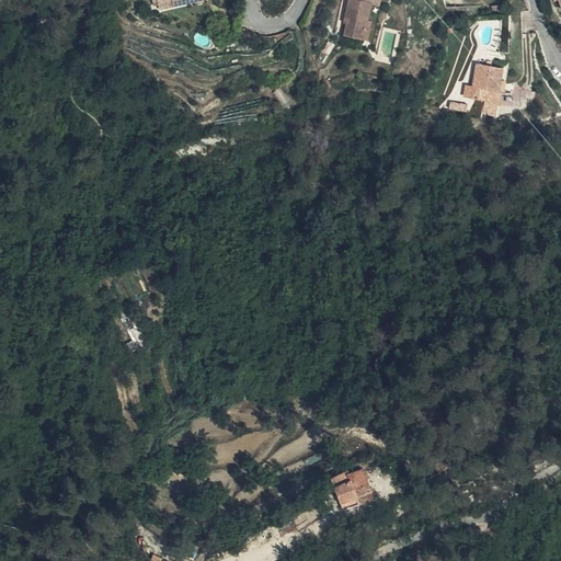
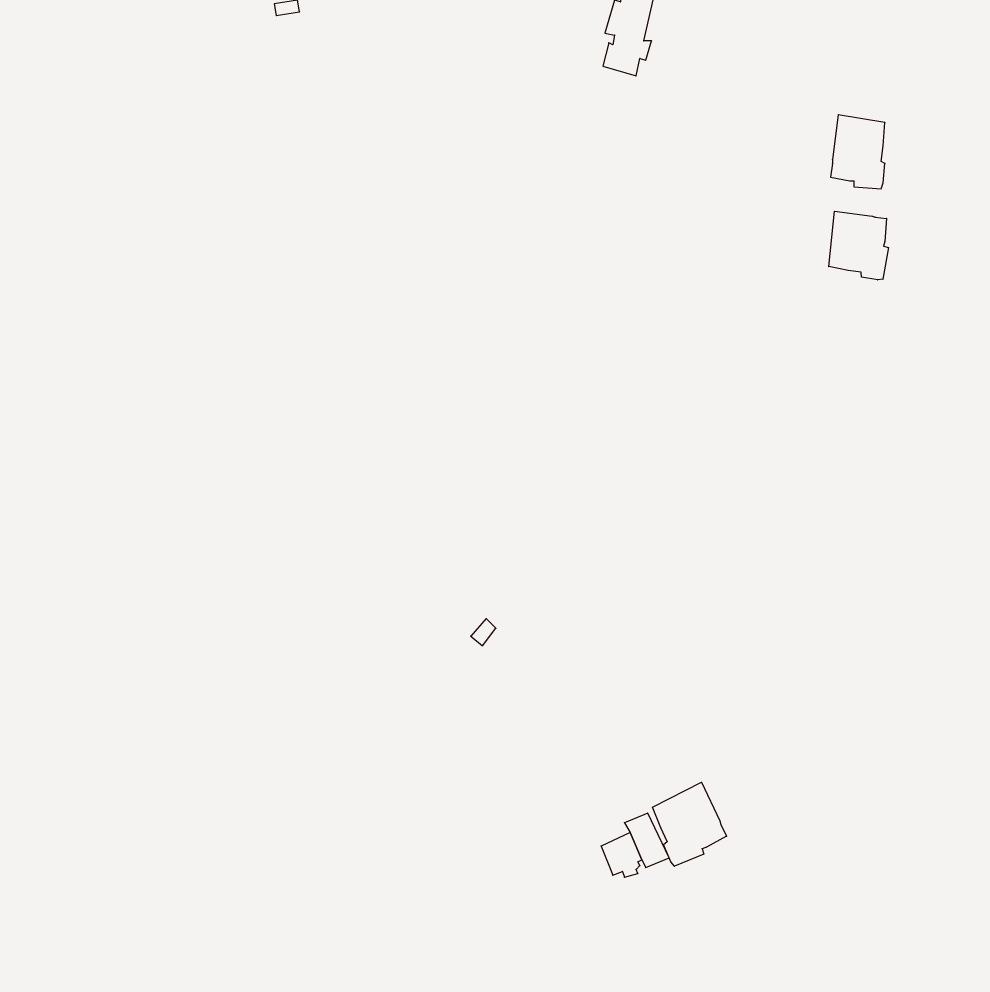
building: none -> [829,211,888,280]
building: none -> [653,782,727,866]

